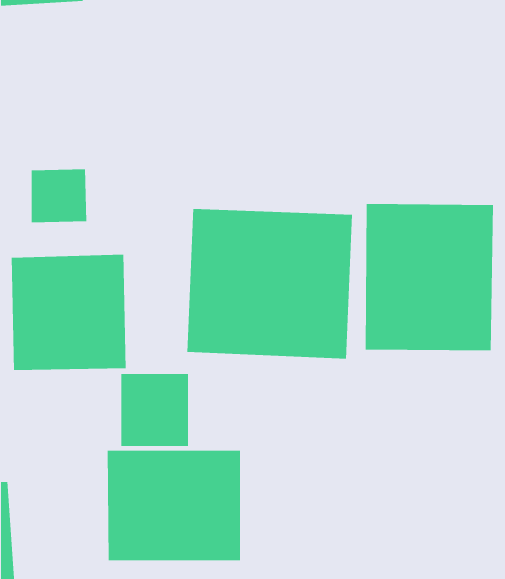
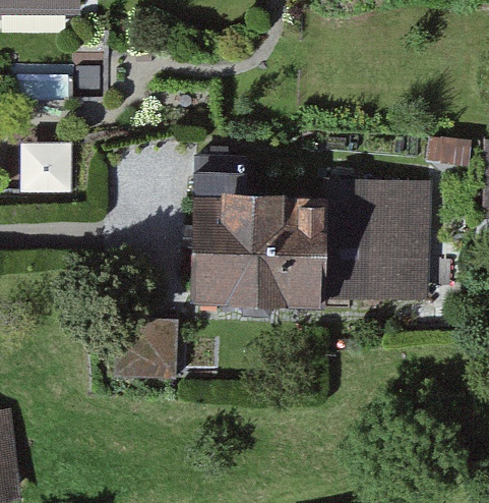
building: [11,254,126,371] -> none
building: [107,450,241,561] -> none

